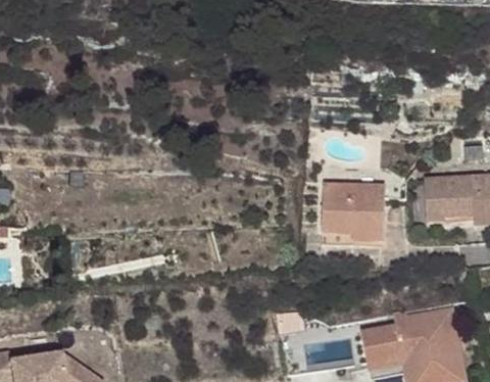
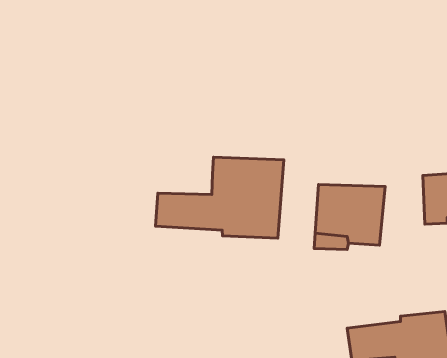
building: none -> [156,157,284,238]

